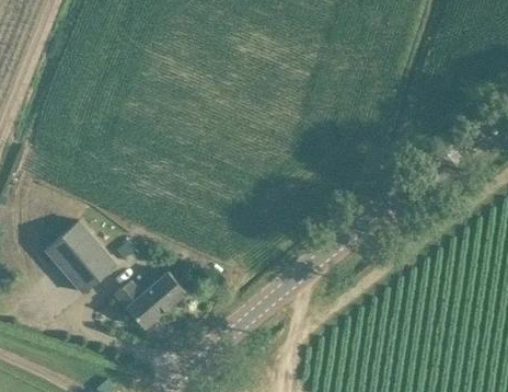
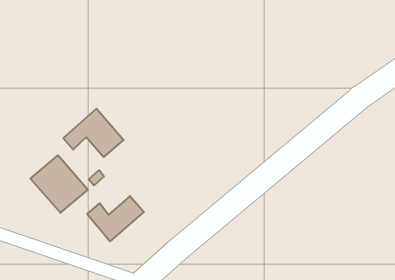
building: none -> [63,109,124,157]

